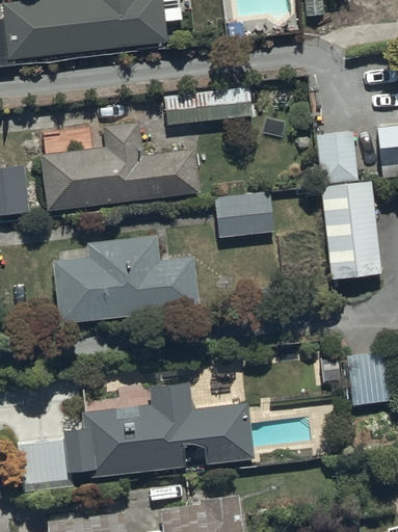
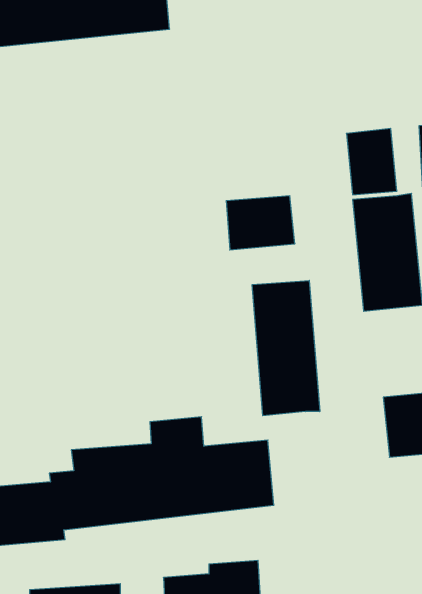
building: [166,85,254,124] -> none
building: [39,121,195,209] -> none
building: [53,234,201,319] -> none
building: none -> [252,280,320,416]

